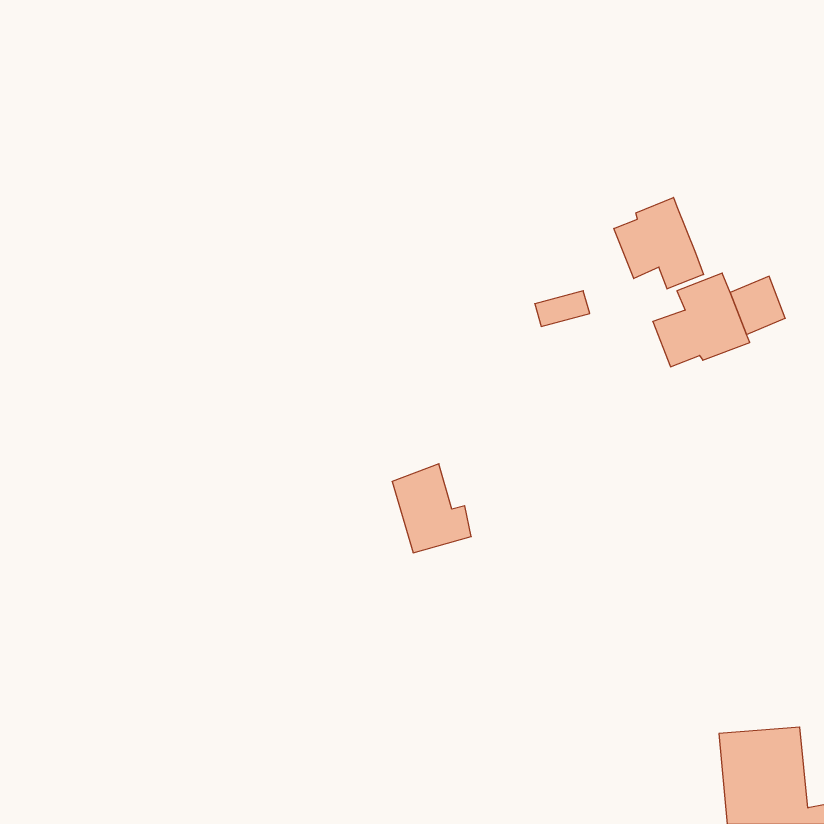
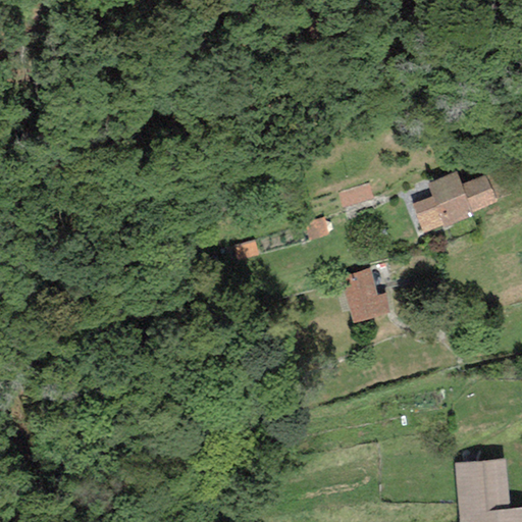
building: [614,197,704,289] -> none
building: [392,464,471,553] -> [341,267,390,323]

